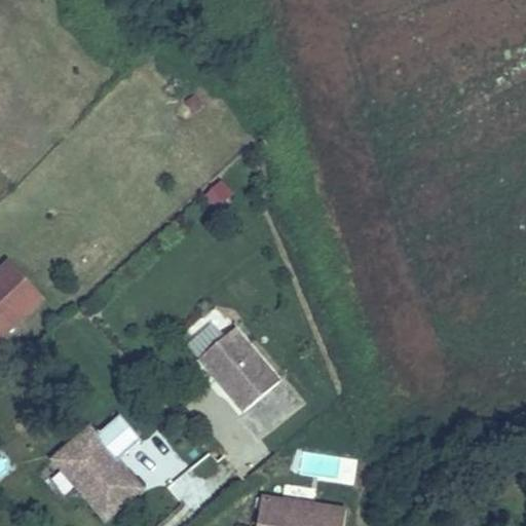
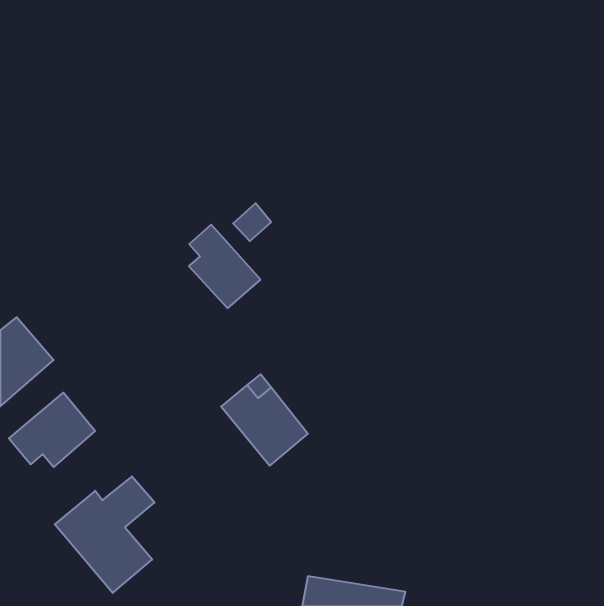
building: none -> [189,225,260,308]
building: none -> [9,393,95,467]

